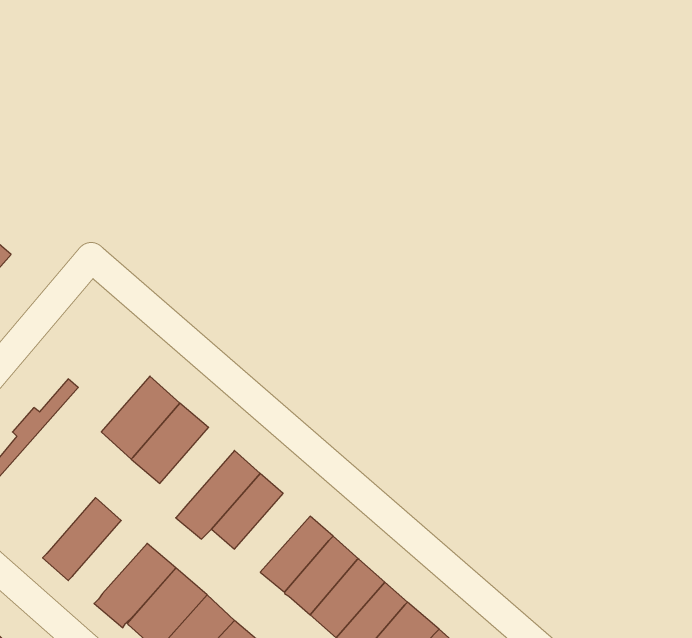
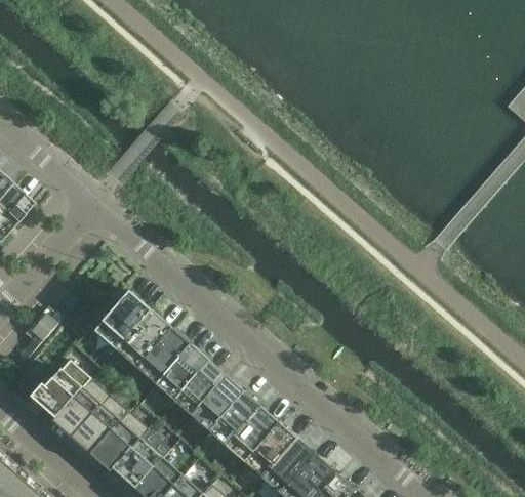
building: none -> [135,327,189,383]
building: none -> [30,359,89,417]
building: none -> [189,374,243,430]
building: none -> [70,394,126,453]

